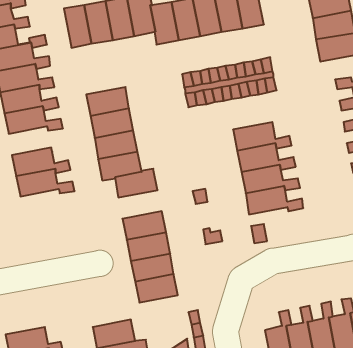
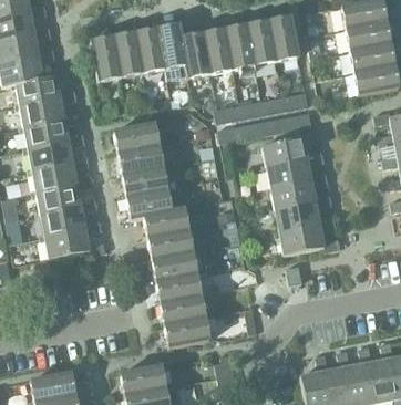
building: none -> [263,135,323,165]
building: none -> [33,162,93,191]
building: none -> [45,227,105,257]
building: none -> [147,228,193,258]

